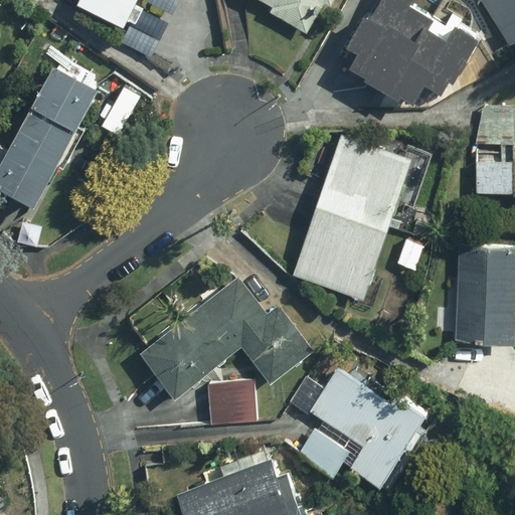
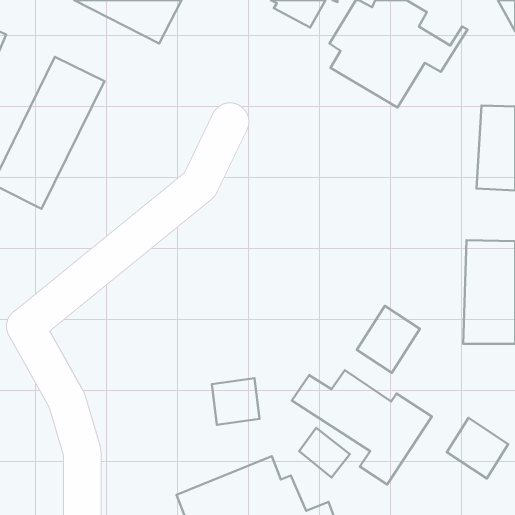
building: [291,133,432,304] -> none
building: [145,280,313,397] -> none
building: none -> [357,306,420,373]
building: none -> [447,418,508,479]

